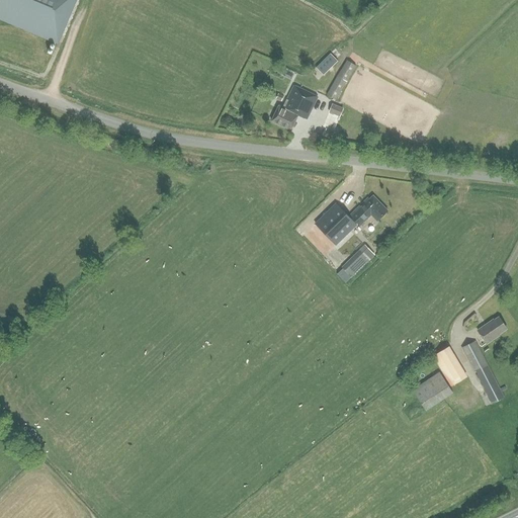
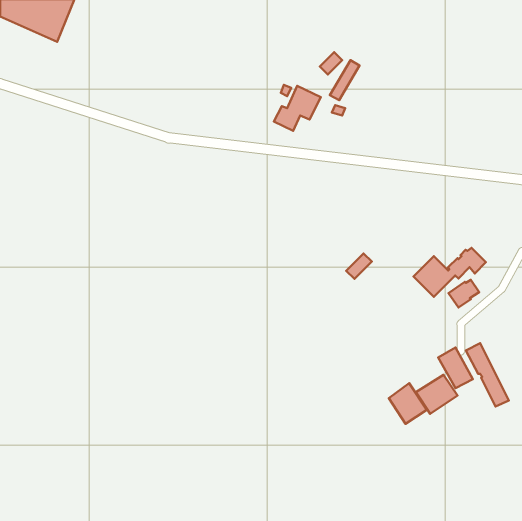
building: [316,195,387,244] -> [413,248,486,297]
building: [477,316,507,343] -> [448,280,479,307]
building: none -> [389,383,427,424]

